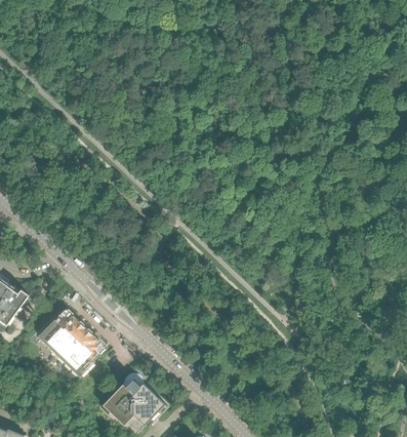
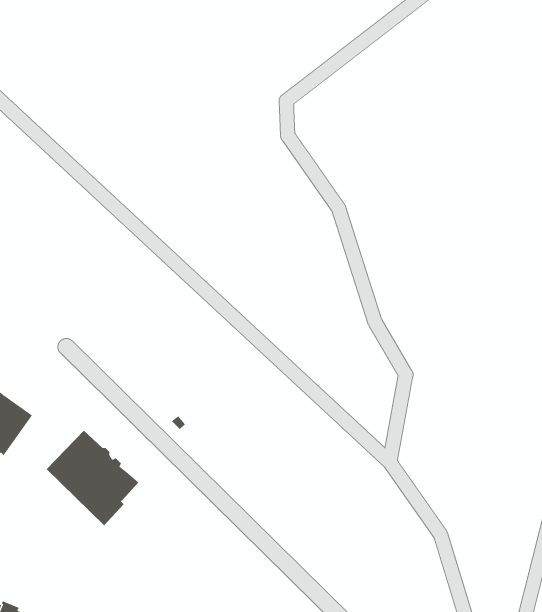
building: [106,380,162,425] -> none

